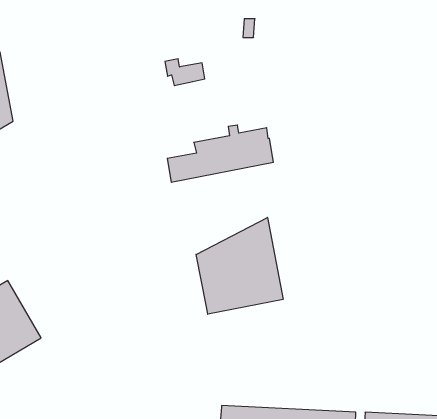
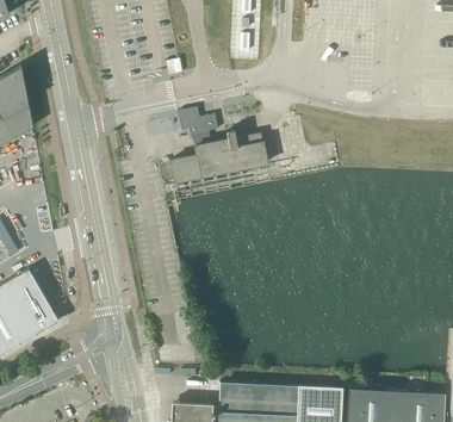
building: [165,59,205,86] -> [182,112,218,136]
building: [196,217,283,314] -> none

